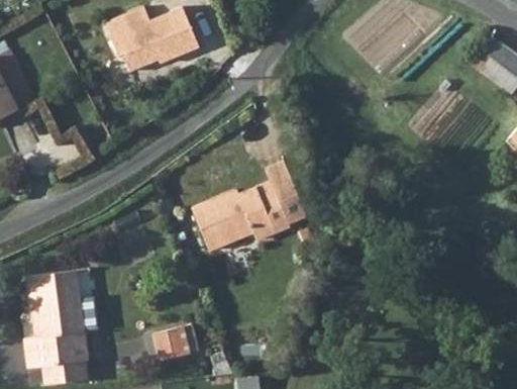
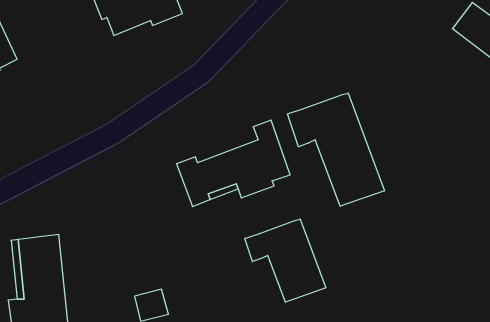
building: none -> [288,93,385,206]
building: none -> [245,219,326,302]

